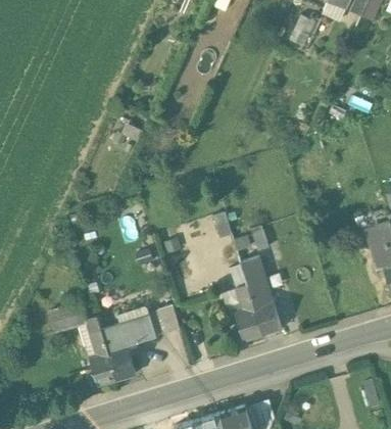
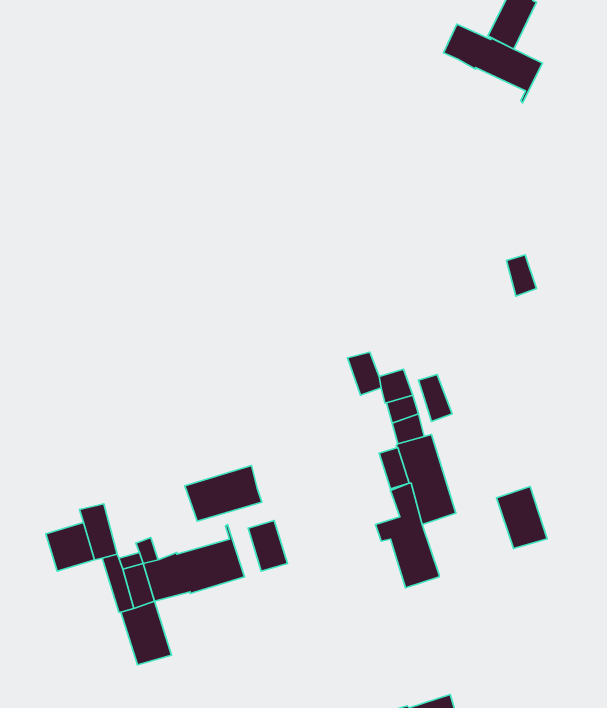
building: none -> [443,24,543,103]
building: none -> [185,465,262,521]
building: [253,301,281,335] -> [497,487,547,548]
building: [107,344,135,379] -> none

